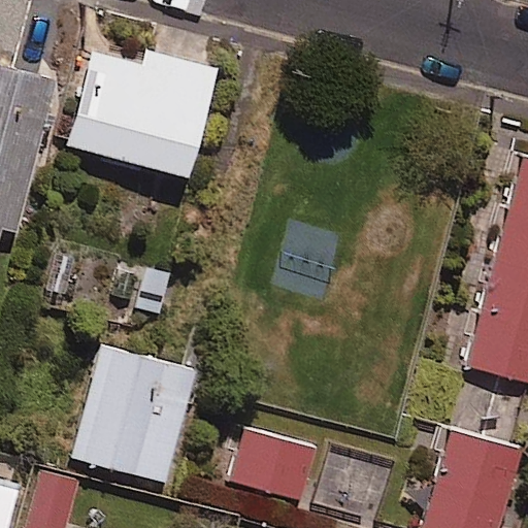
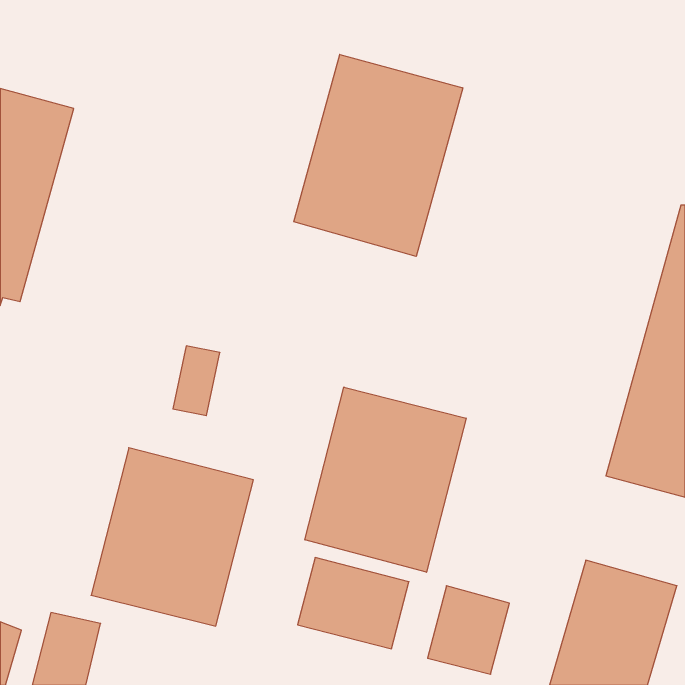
building: none -> [294,54,463,256]
building: [68,50,218,177] -> none
building: none -> [305,387,466,572]

